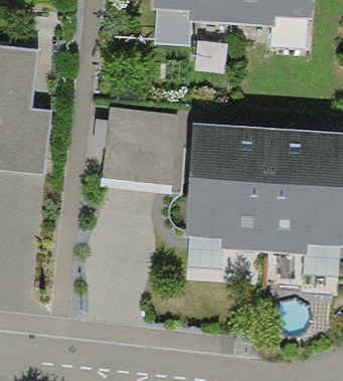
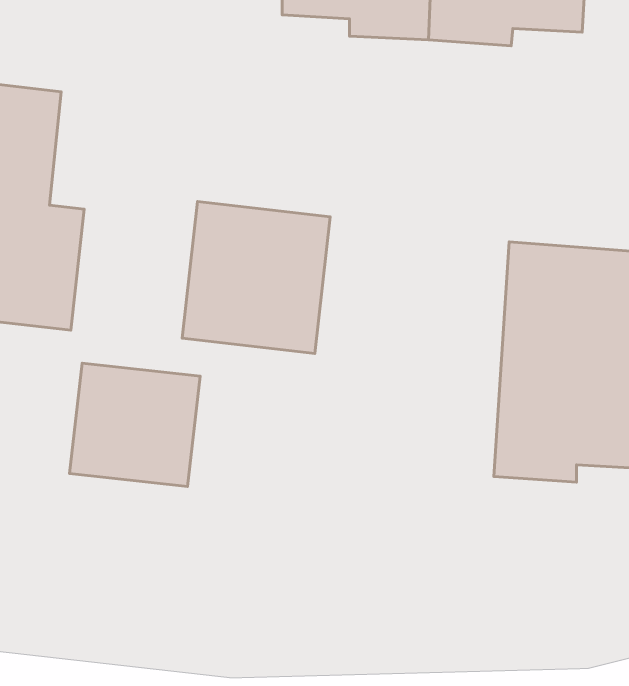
building: [186,123,272,250] -> none
building: none -> [70,363,200,486]

